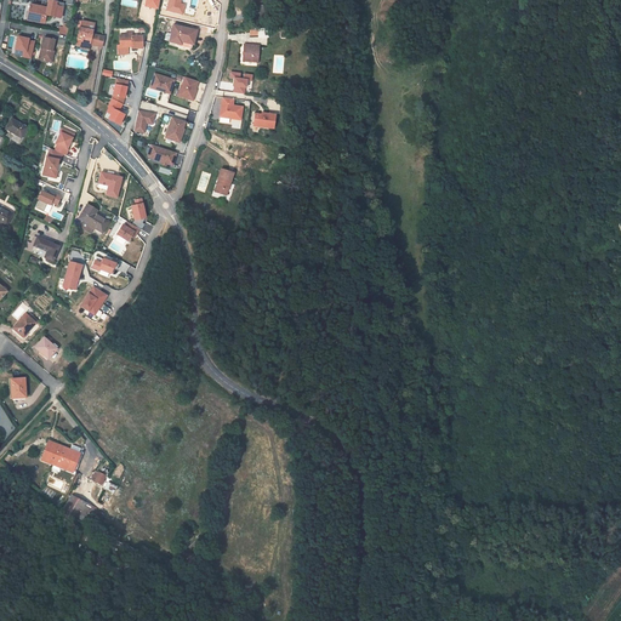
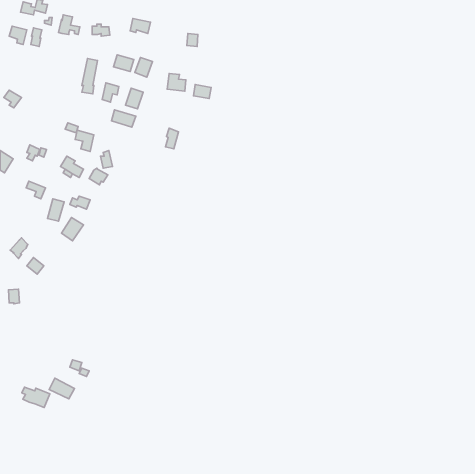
building: [39,127,74,178] -> none
building: [44,444,80,471] -> [22,387,50,408]

